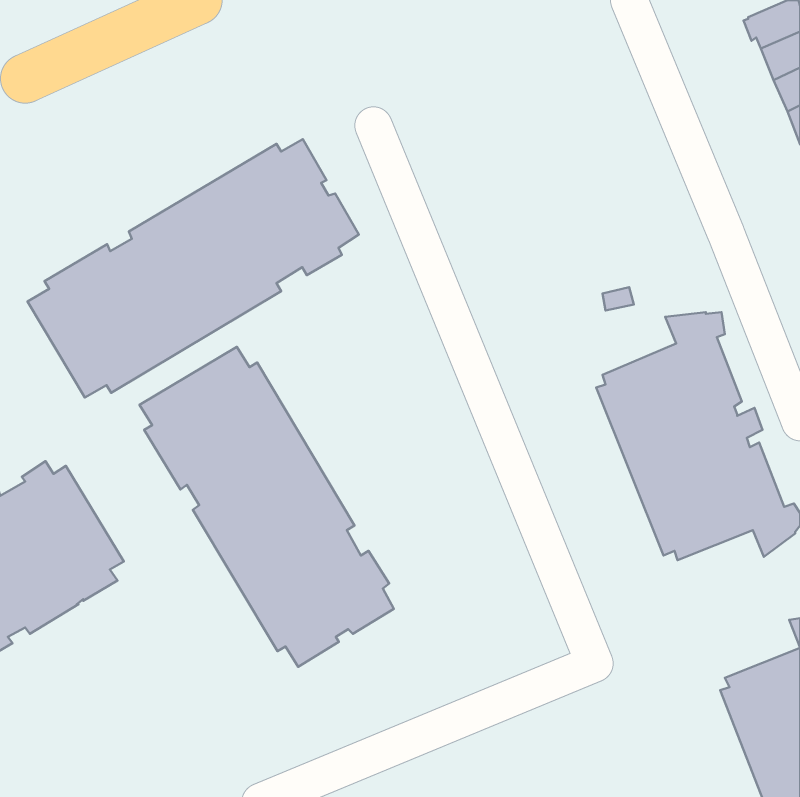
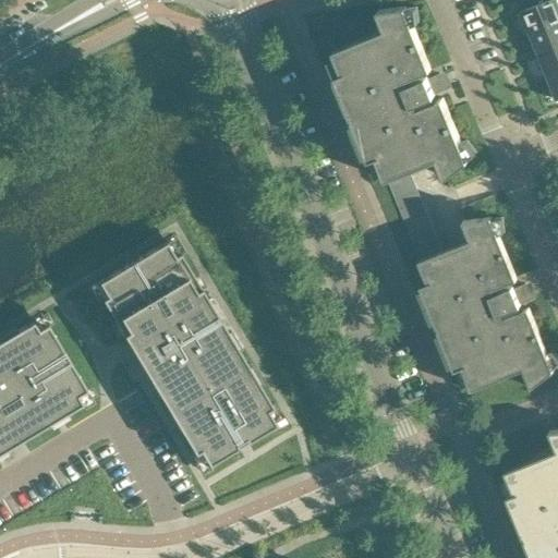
building: none -> [328,10,475,183]
building: [27,139,359,398] -> none

